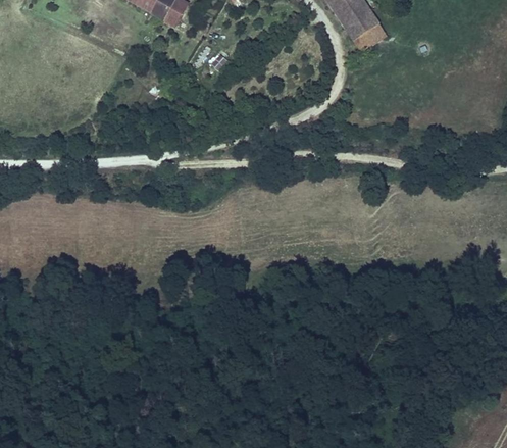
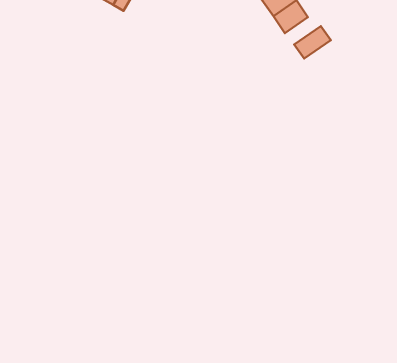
building: none -> [294,26,331,59]

